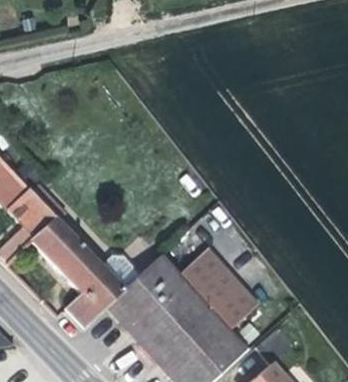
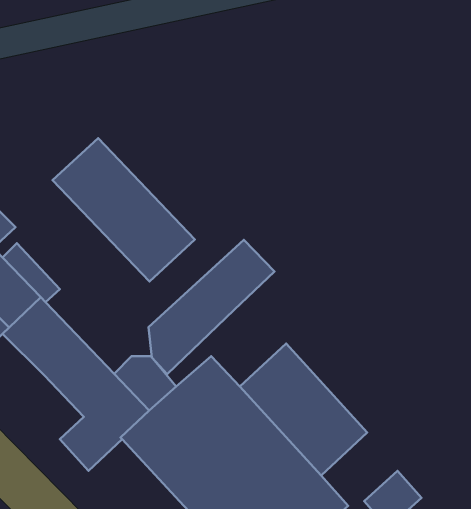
building: none -> [53,138,195,282]
building: none -> [149,240,274,374]

